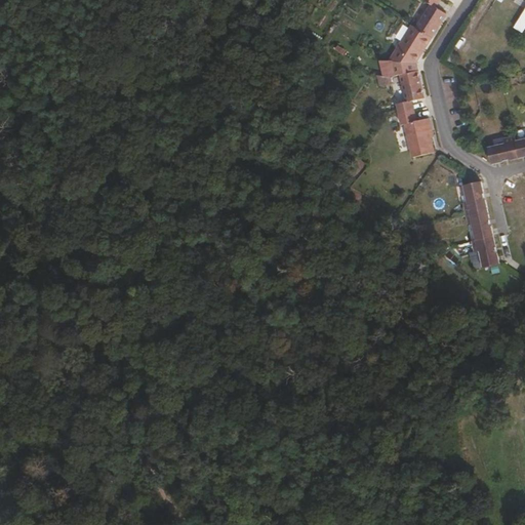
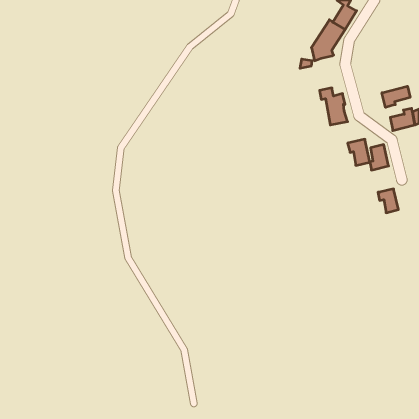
building: [397,70,422,114] -> none
building: none -> [382,86,410,107]
building: [463,208,491,241] -> [348,139,370,165]

